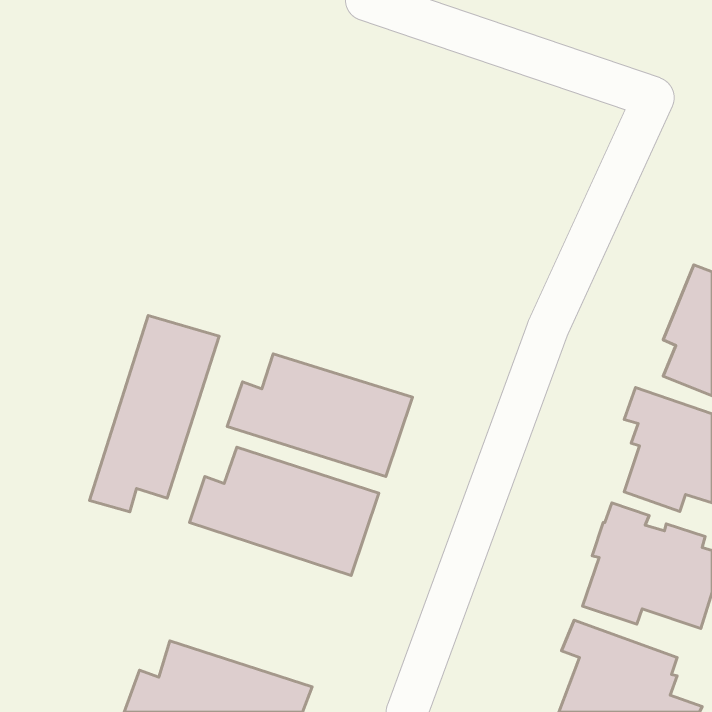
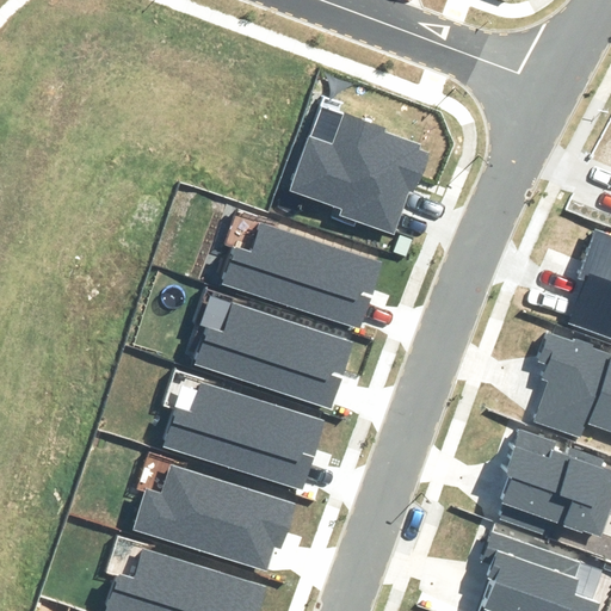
building: none -> [291,109,427,234]
building: none -> [221,218,383,328]
building: [90,315,219,512] -> none
building: none -> [132,465,295,570]

